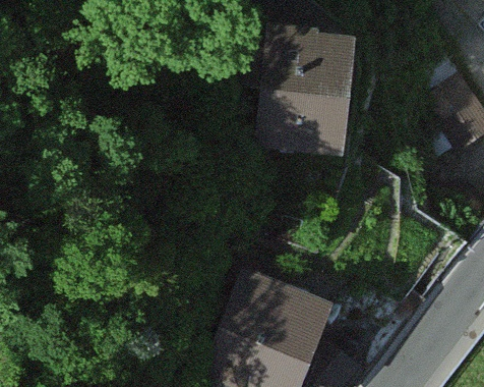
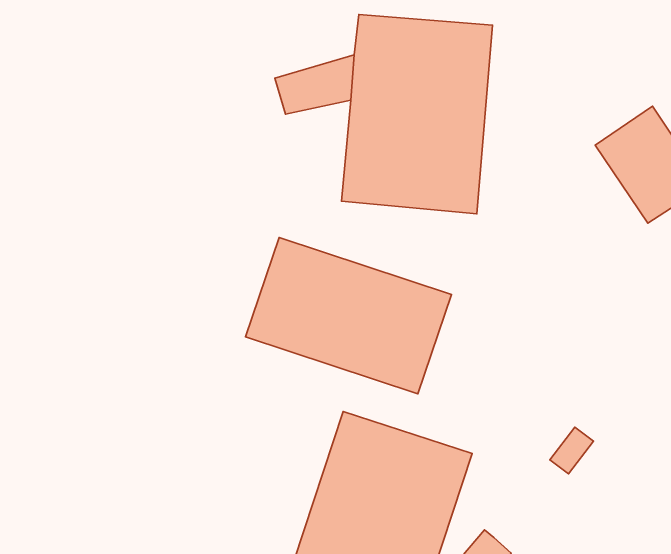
building: none -> [246,238,451,394]

